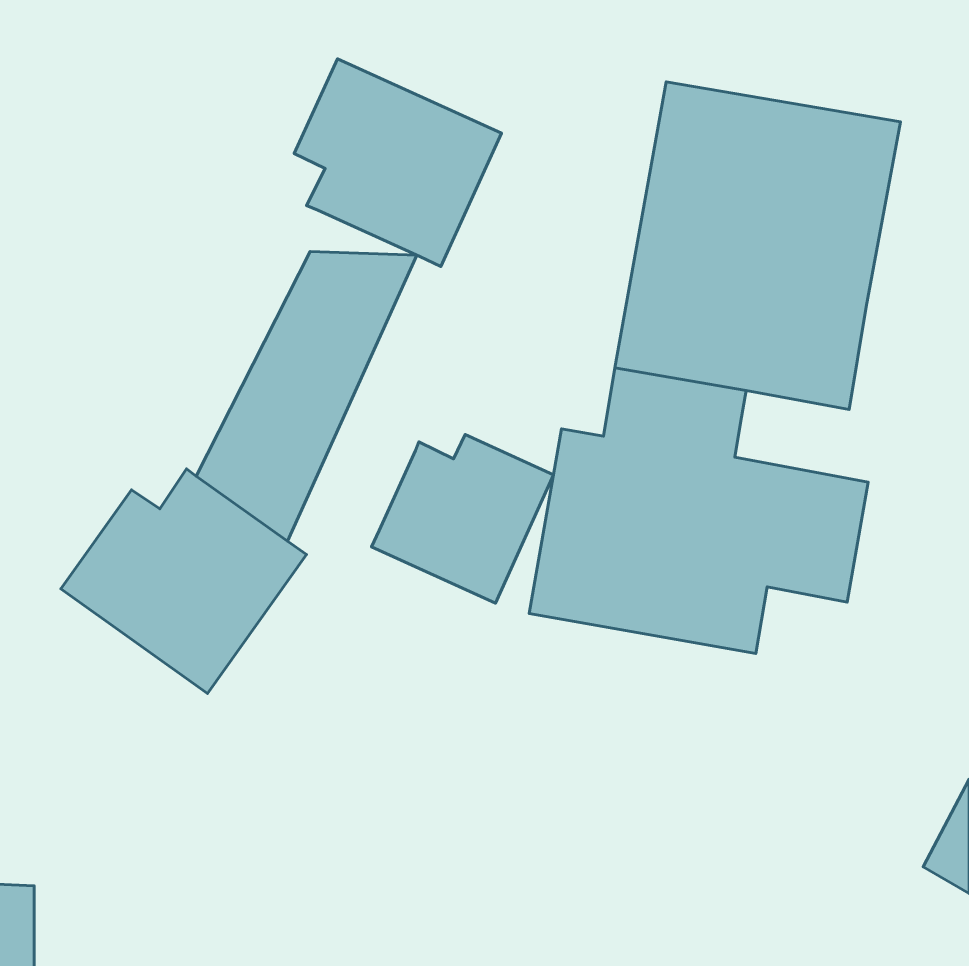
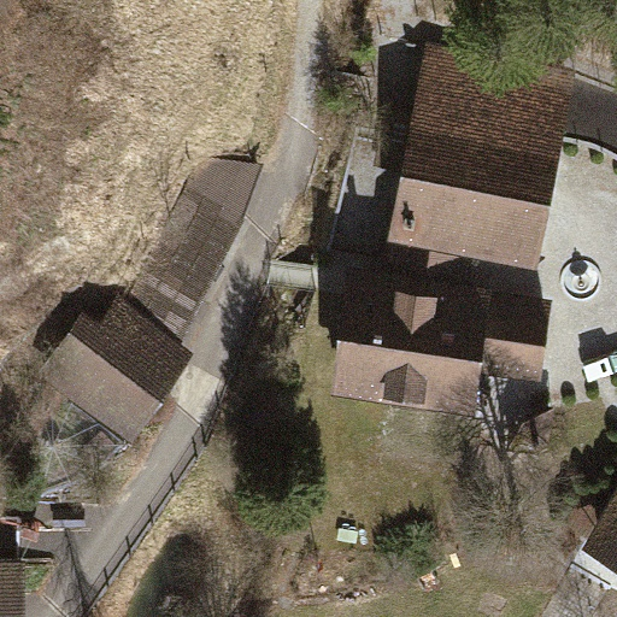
building: [294,59,501,266] -> none
building: [371,435,554,603] -> none

